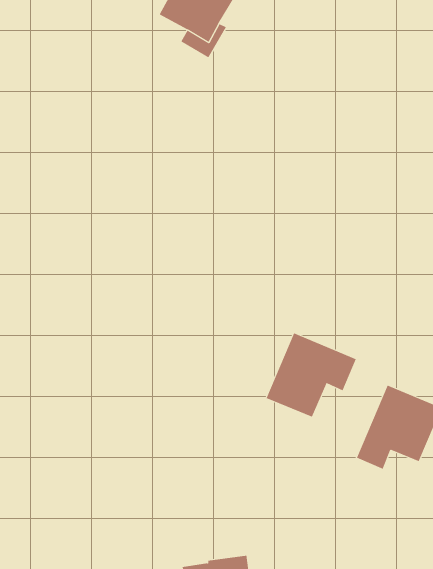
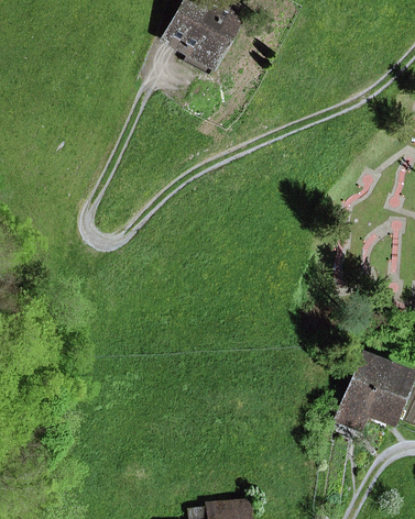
building: [266,332,356,417] -> none

